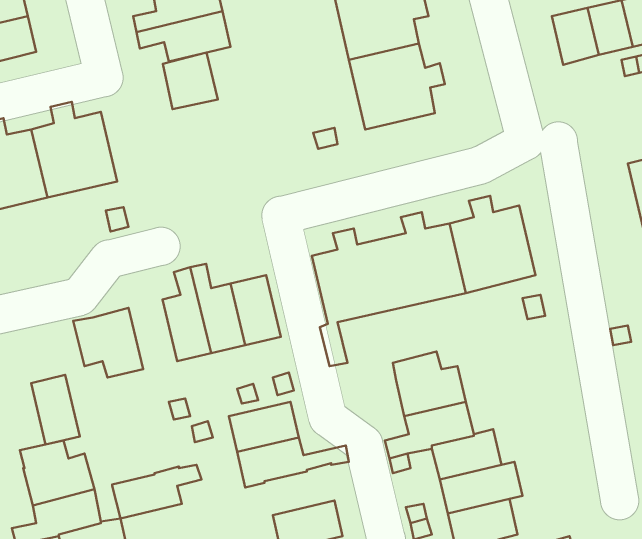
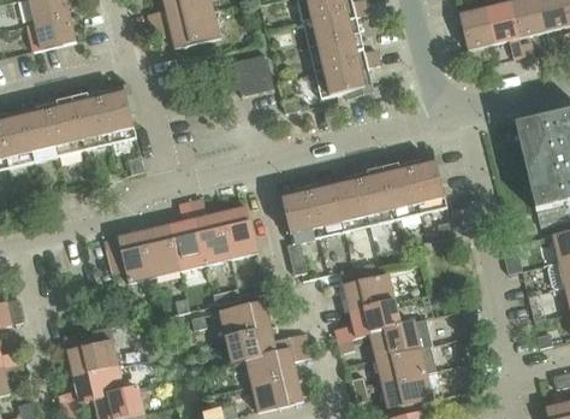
building: [163,53,218,109] -> [233,53,274,95]
building: [31,375,80,445] -> [144,224,180,276]
building: [112,465,201,518] -> [245,344,311,384]

